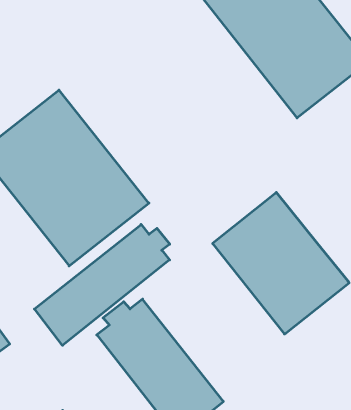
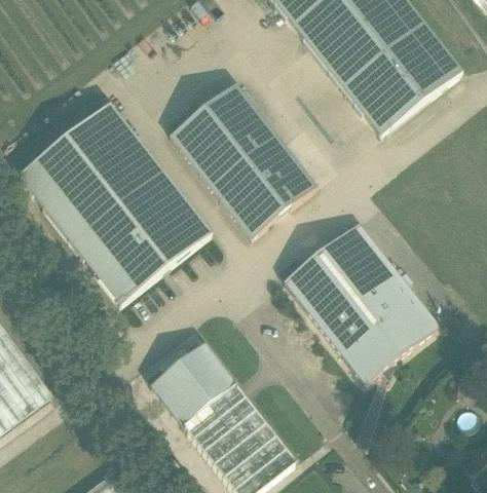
building: none -> [168,84,315,238]
building: [34,224,170,345] -> none

